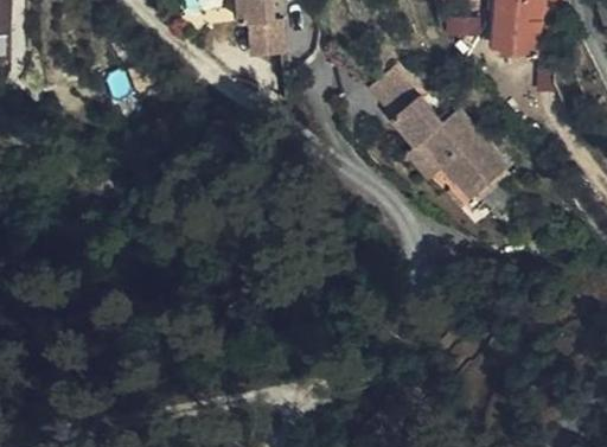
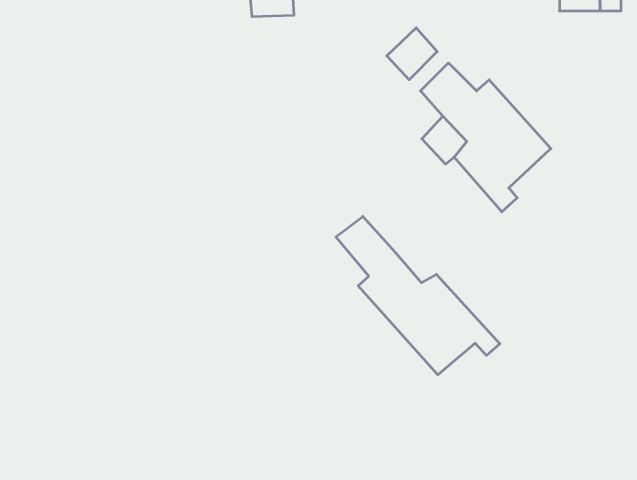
building: none -> [336,216,500,375]

